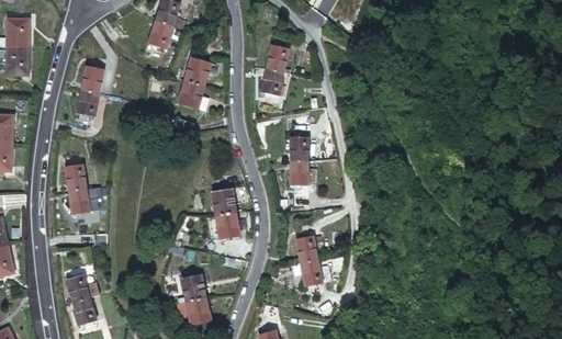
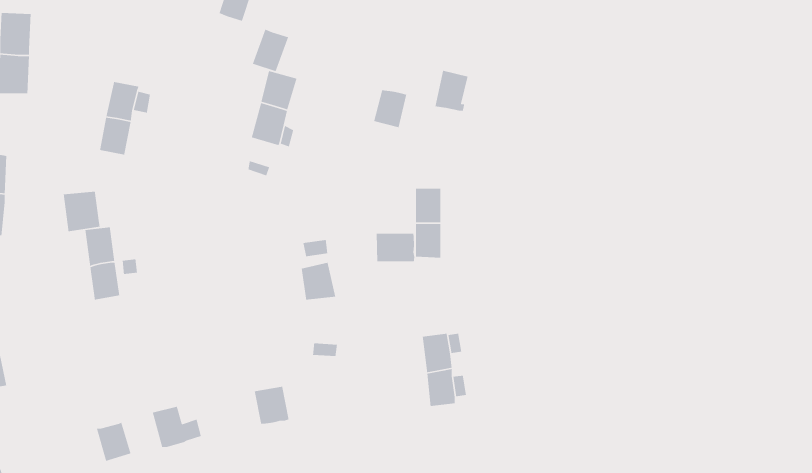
building: [147,19,172,48] -> [252,29,289,72]
building: [267,45,290,74] -> [434,70,468,112]
building: none -> [63,191,101,232]
building: none -> [376,233,415,262]
building: [215,212,240,238] -> none
building: [66,272,100,301] -> [152,406,202,448]
building: [184,295,210,323] -> none

